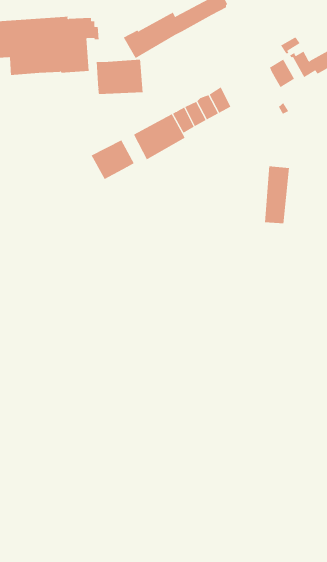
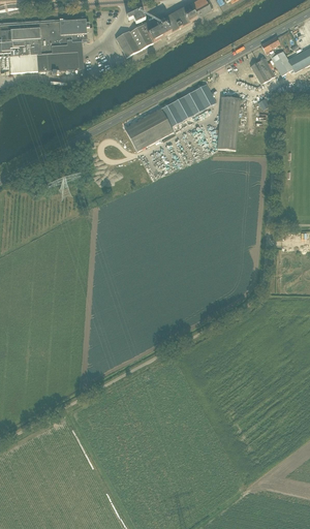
building: [96,59,143,95] -> none
building: [91,140,134,180] -> none
building: [264,166,290,224] -> [216,95,240,149]

